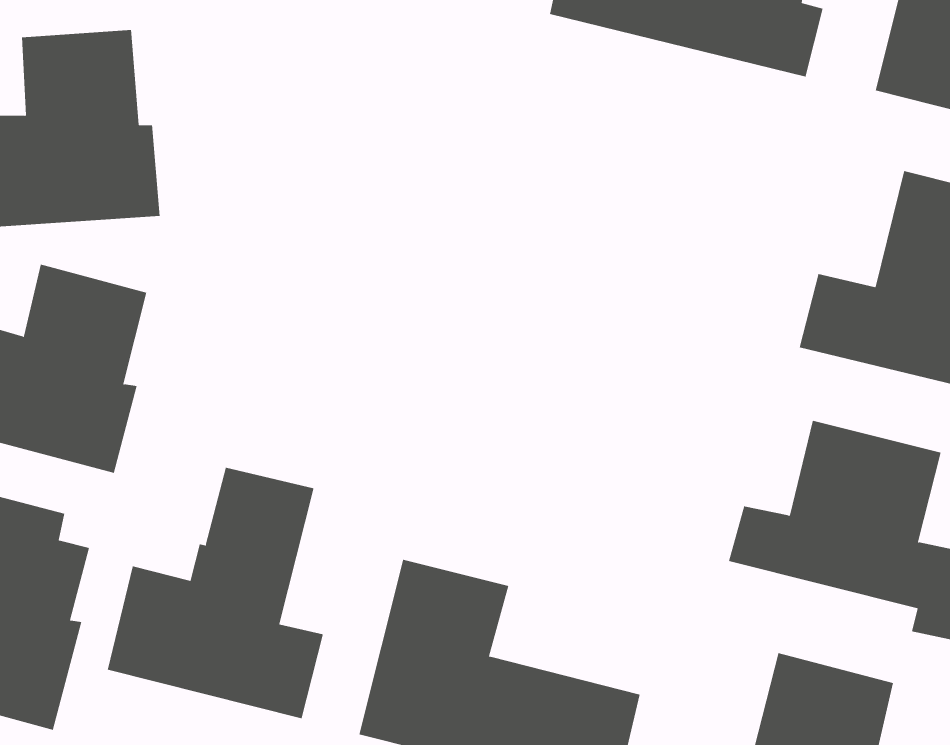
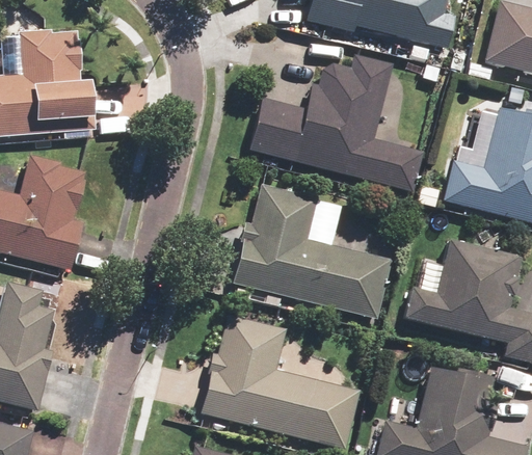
building: none -> [249,53,423,190]
building: none -> [235,184,390,315]
building: [107,467,324,719] -> none

